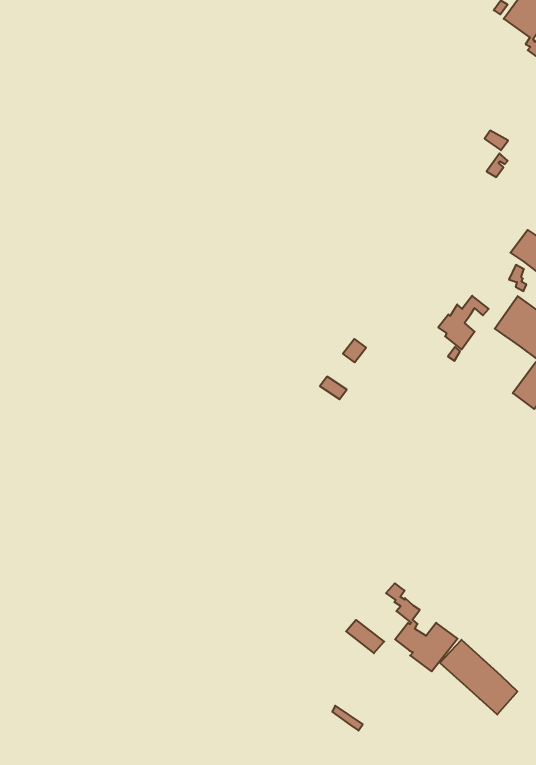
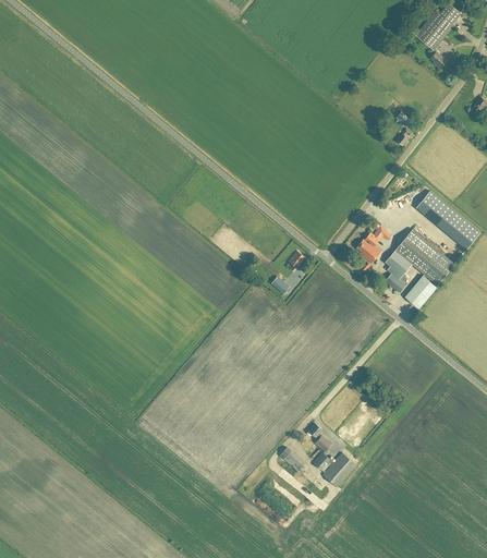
building: none -> [385,251,412,292]
building: [440,640,517,715] -> none

